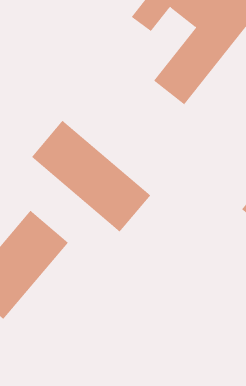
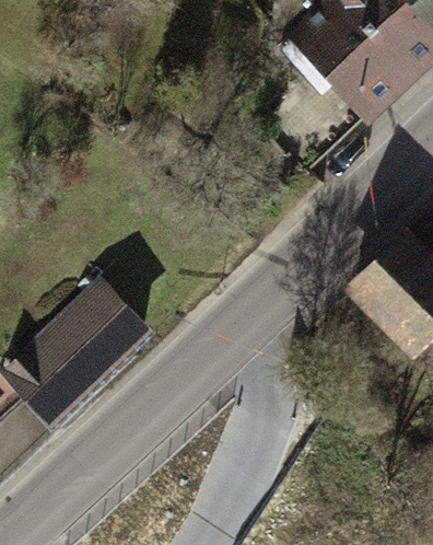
building: [31,120,151,233] -> none

